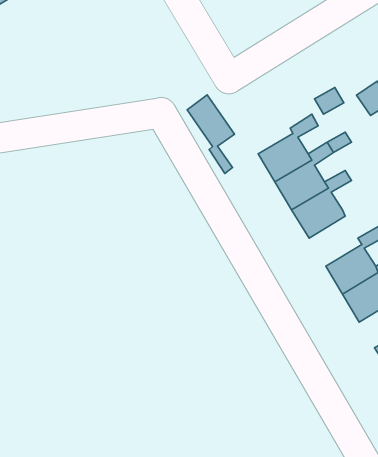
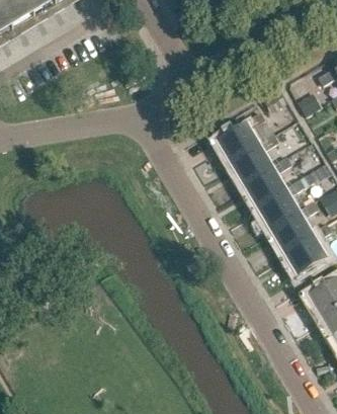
building: [187,95,234,174] -> none
building: none -> [257,177,304,231]

